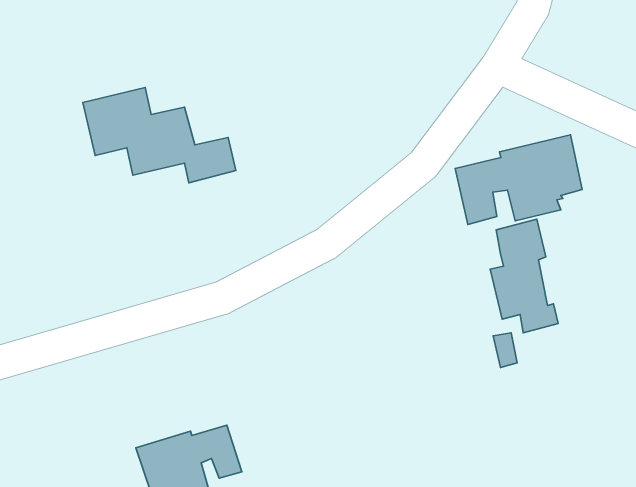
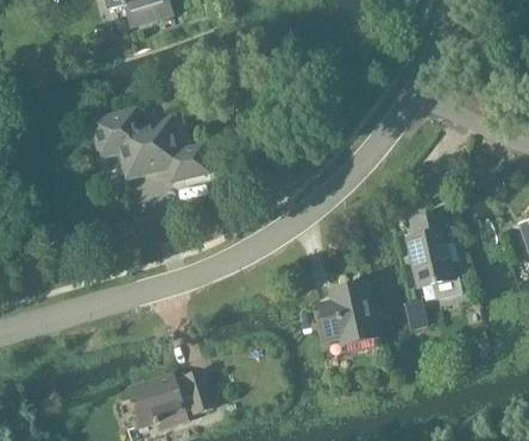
building: [455,135,582,225] -> none
building: none -> [319,283,377,345]

